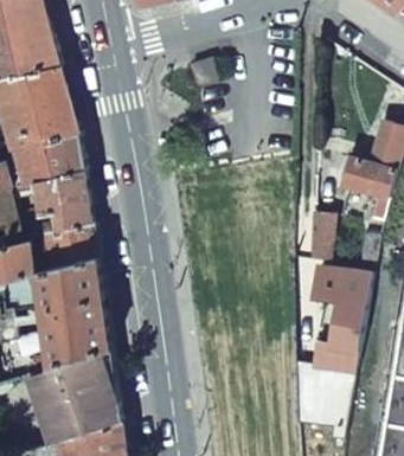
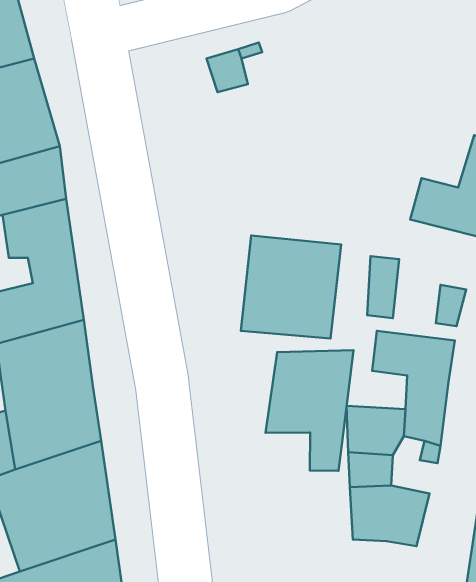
building: none -> [241,236,341,338]
building: none -> [266,350,353,471]

